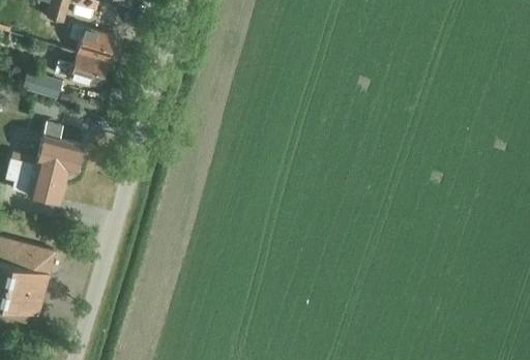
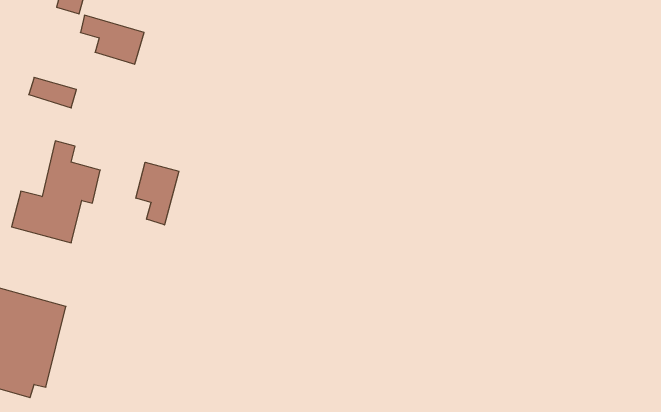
building: [55,53,109,87] -> none
building: none -> [136,162,179,225]

